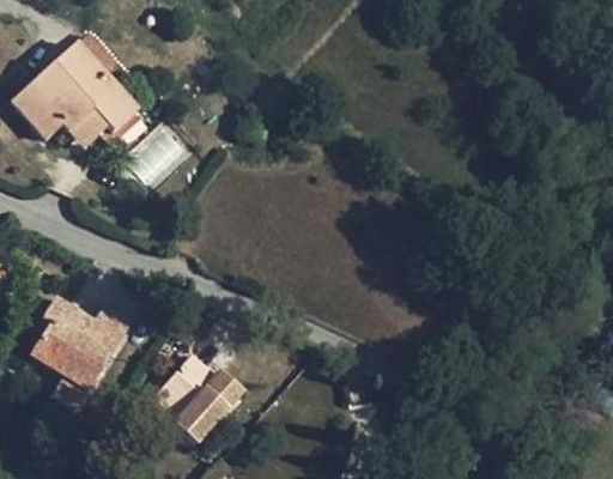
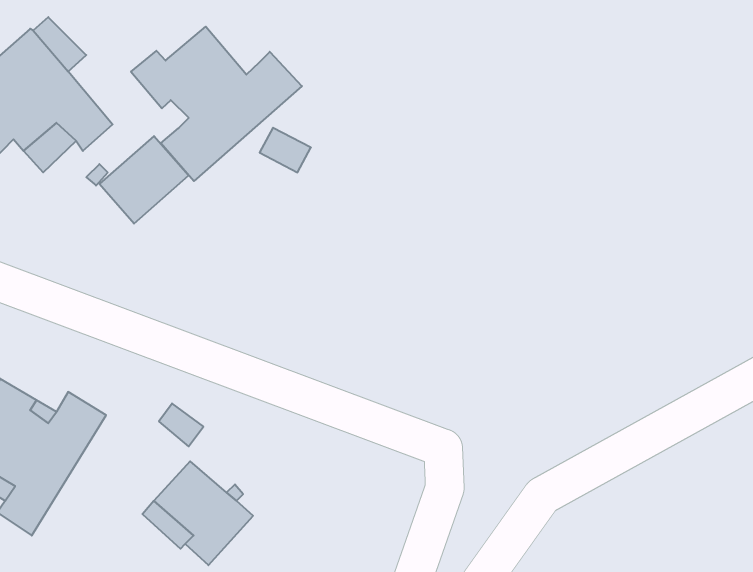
building: none -> [131,27,302,181]

